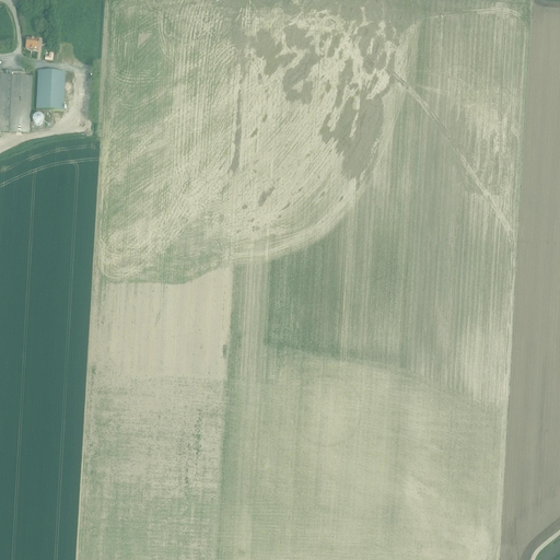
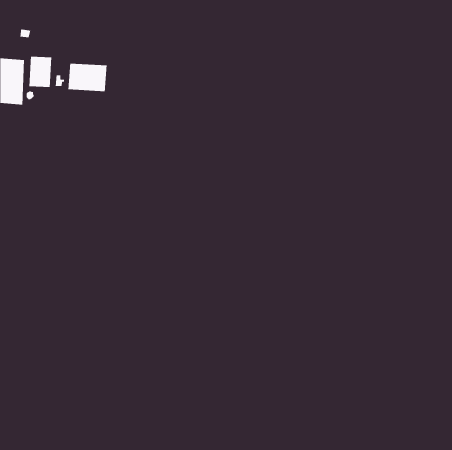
building: none -> [67,63,107,92]

